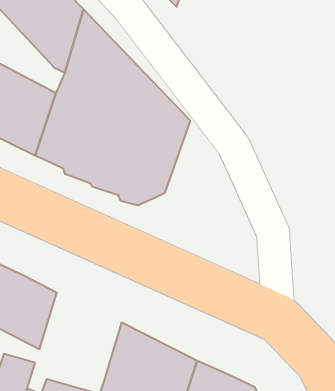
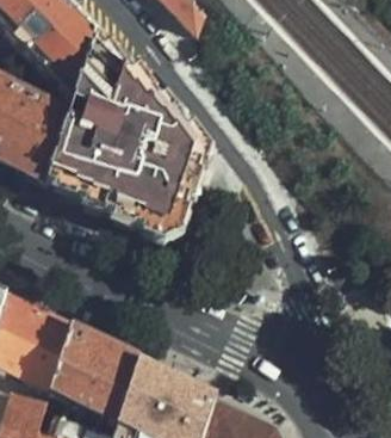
building: none -> [50,327,135,418]

